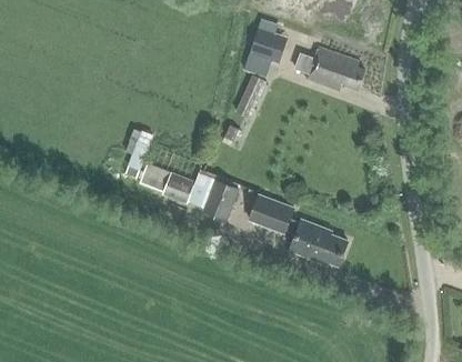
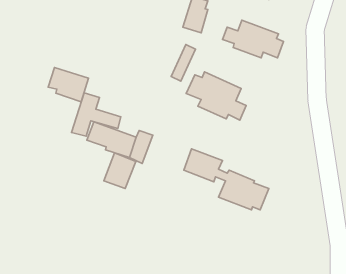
building: none -> [48,67,89,102]
building: none -> [186,72,246,120]
building: [202,179,239,220] -> [104,153,136,189]

